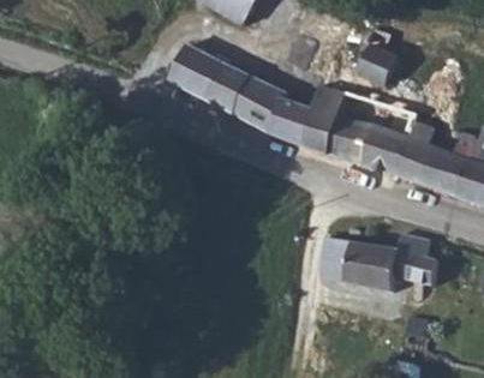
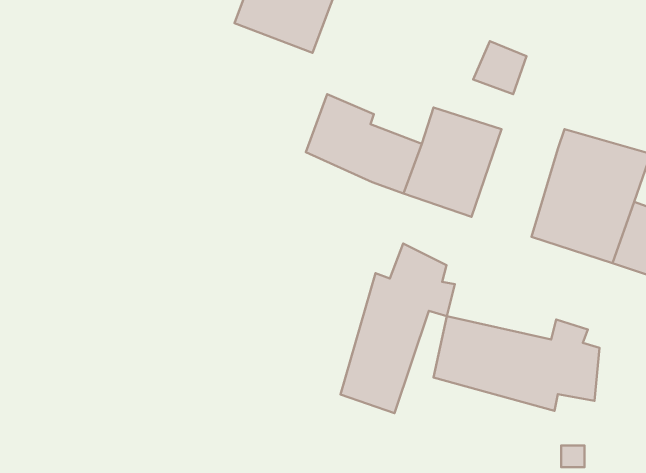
building: [169,47,247,115] -> none
building: [352,98,414,176] -> none
building: none -> [341,243,455,413]

